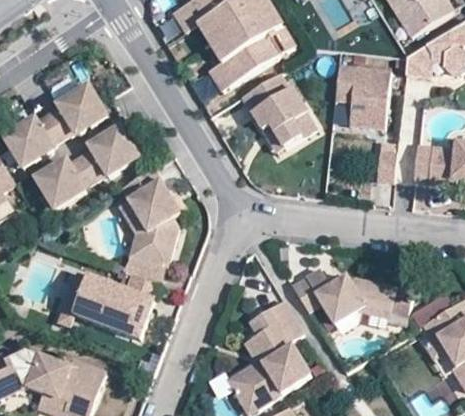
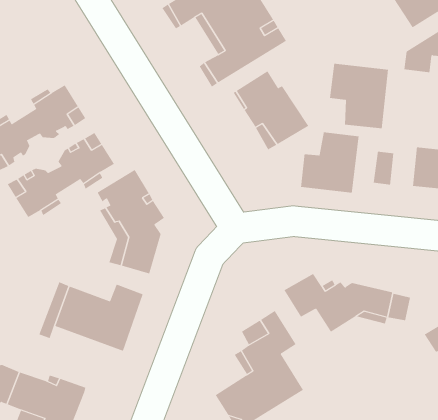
building: none -> [300,131,359,193]

